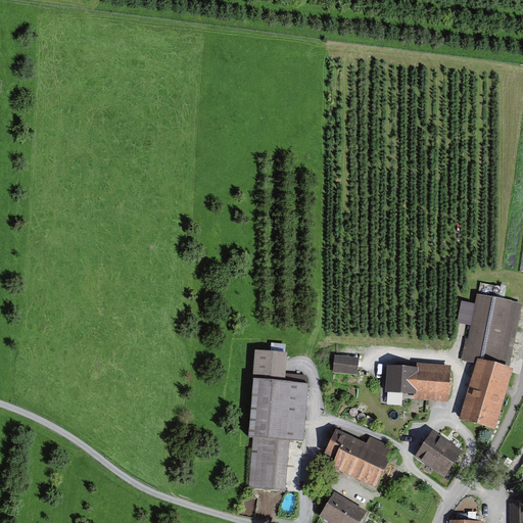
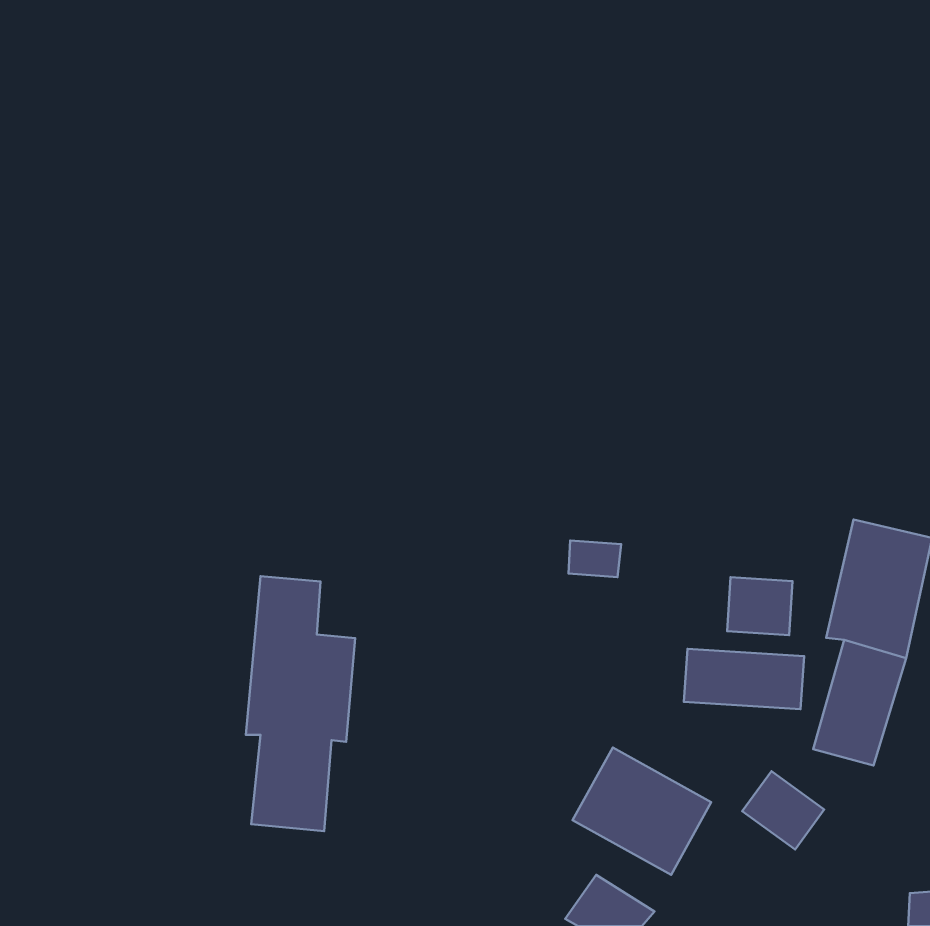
building: none -> [727,577,792,635]
building: [245,349,306,492] -> [246,576,355,831]
building: [332,353,362,374] -> [568,541,621,577]

